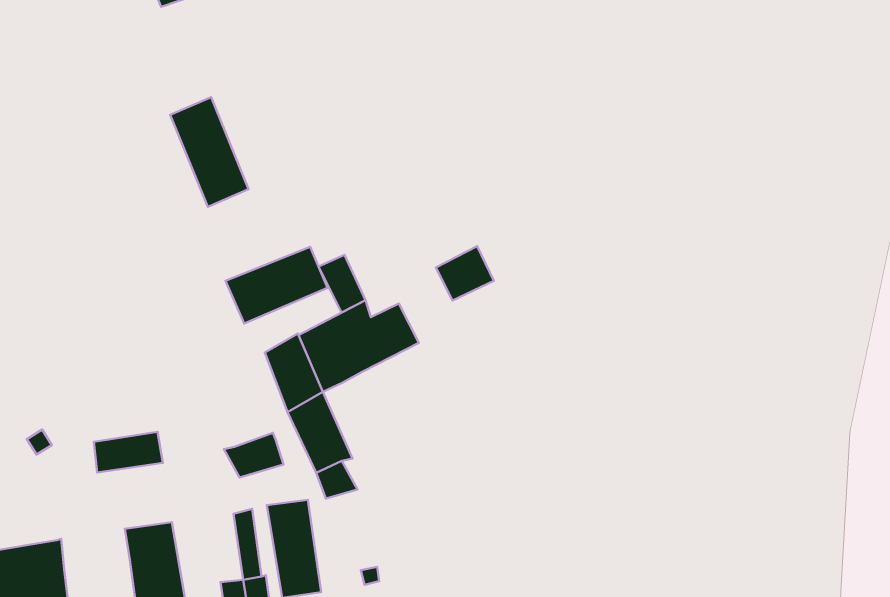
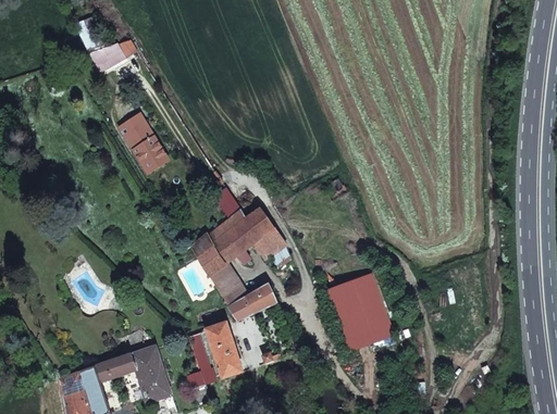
building: [436,246,494,300] -> [253,227,286,259]
building: [226,247,328,324] -> none
building: [94,432,163,472] -> [97,353,136,380]
building: [224,433,284,478] -> [243,285,276,312]
building: none -> [324,272,394,351]

